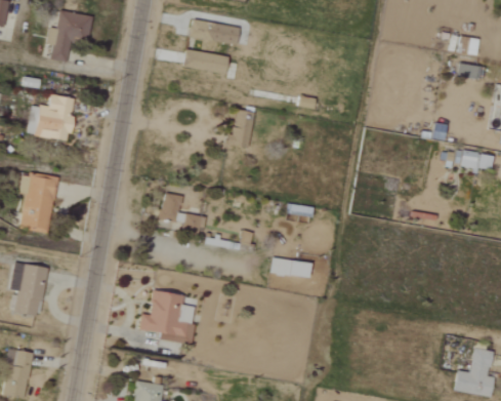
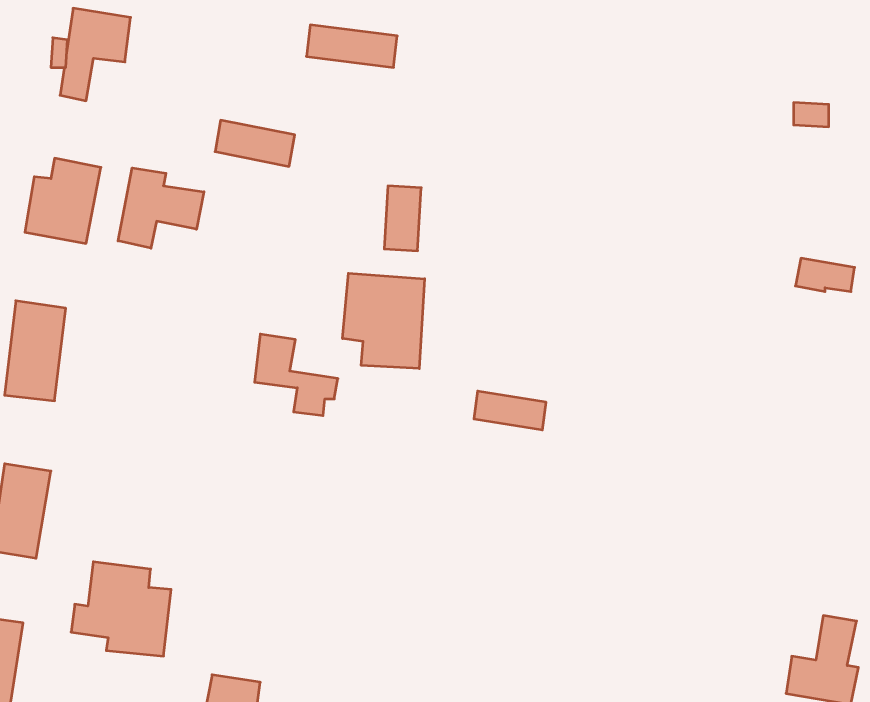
building: [183,49,227,75] -> [215,120,295,166]
building: none -> [118,168,204,248]
building: none -> [343,273,425,369]
building: [269,256,309,278] -> [474,391,546,430]
building: [139,290,195,343] -> [71,562,171,656]

